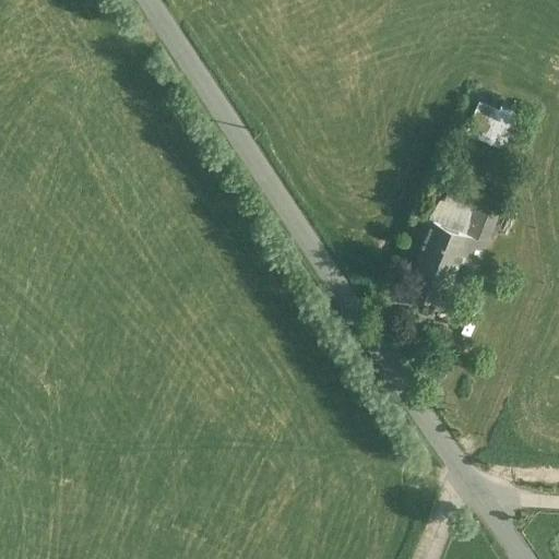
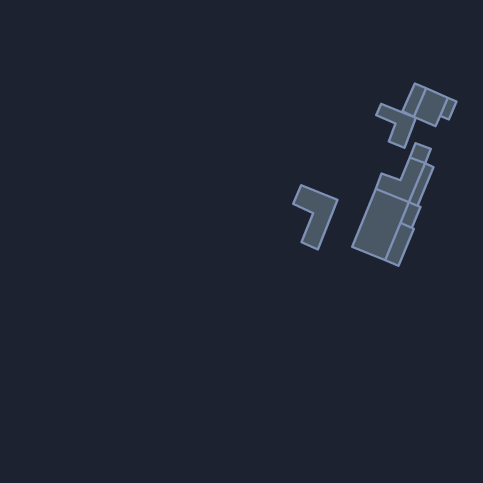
building: none -> [376,104,416,148]
building: none -> [293,185,338,249]

